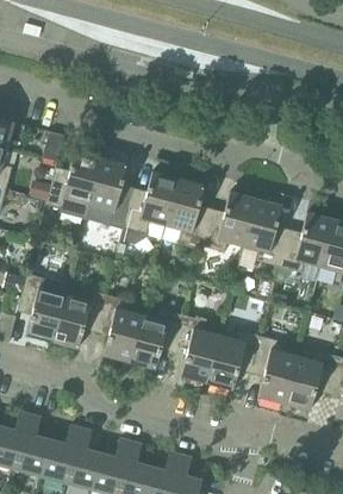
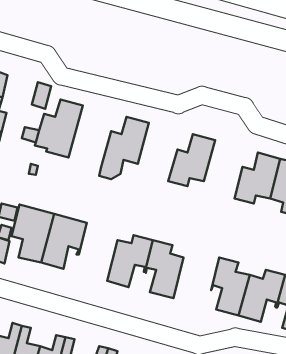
building: [86,158,136,230] -> none
building: [167,179,213,246] -> none
building: [244,199,289,267] -> none
building: [98,295,143,363] -> none
building: [208,330,262,390] -> none

